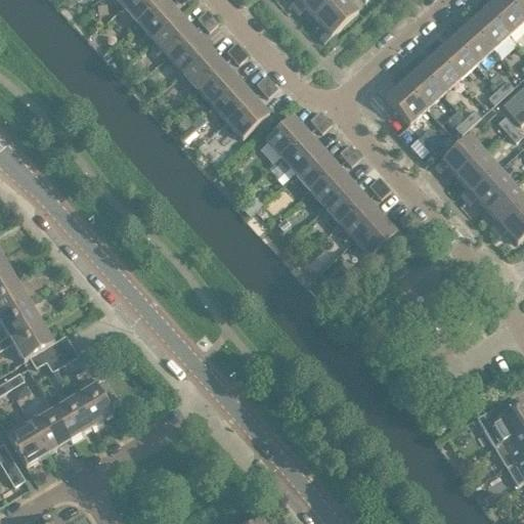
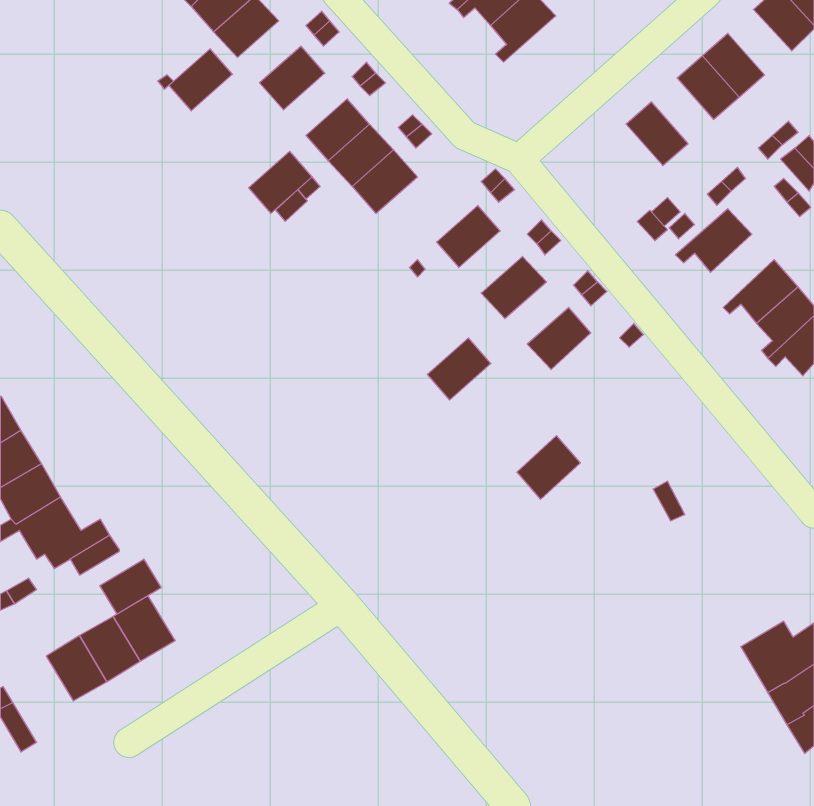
building: [468,6,509,48] -> none
building: [152,13,193,53] -> [169,49,233,111]
building: [182,47,223,87] -> [249,151,312,213]
building: [419,50,458,92] -> none
building: [385,80,426,122] -> none
building: [265,115,307,156] -> none
building: [295,148,336,188] -> none
building: [456,150,497,198] -> none
building: [324,181,365,221] -> [427,338,491,400]
building: [354,214,395,255] -> [517,436,580,499]
building: none -> [100,559,161,614]
building: [8,422,47,464] -> none

